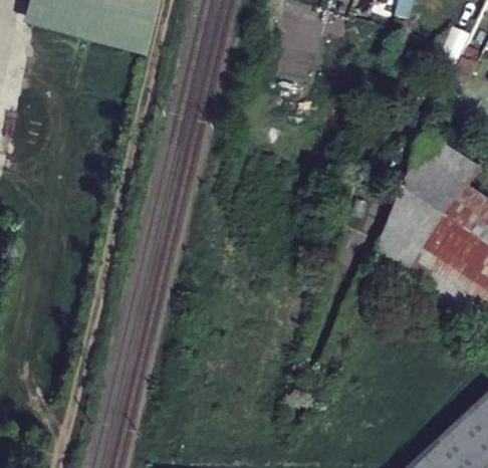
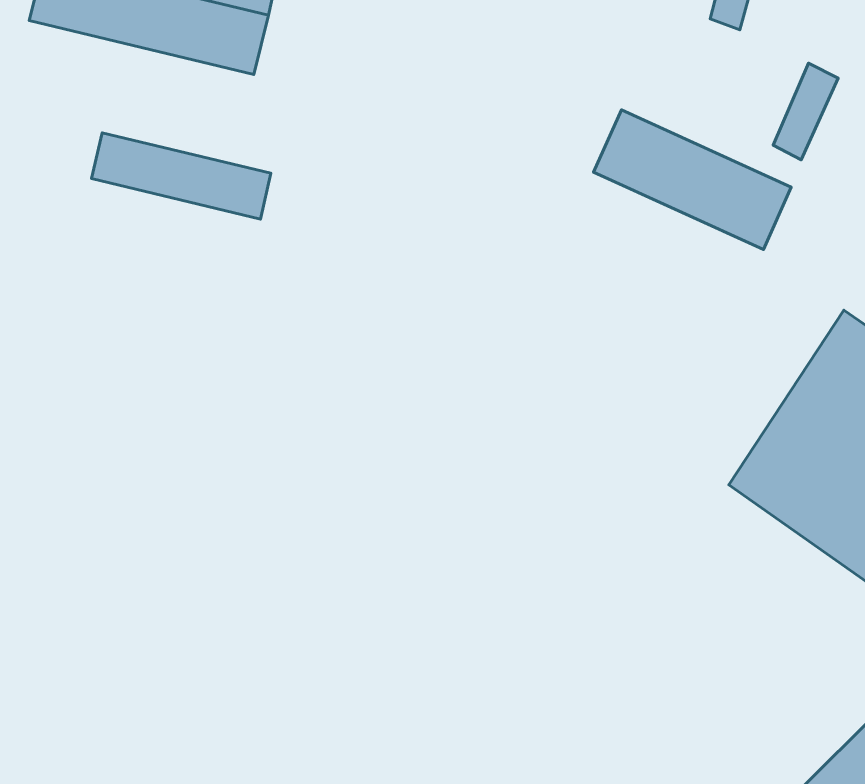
building: none -> [594,110,791,249]
building: none -> [92,133,271,219]

